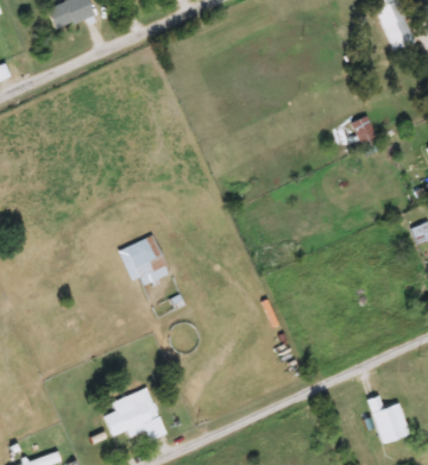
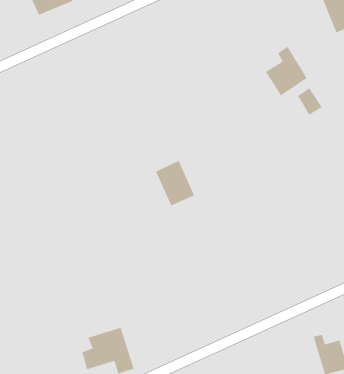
building: none -> [265,46,308,96]
building: [124,233,169,285] -> [155,160,195,206]

